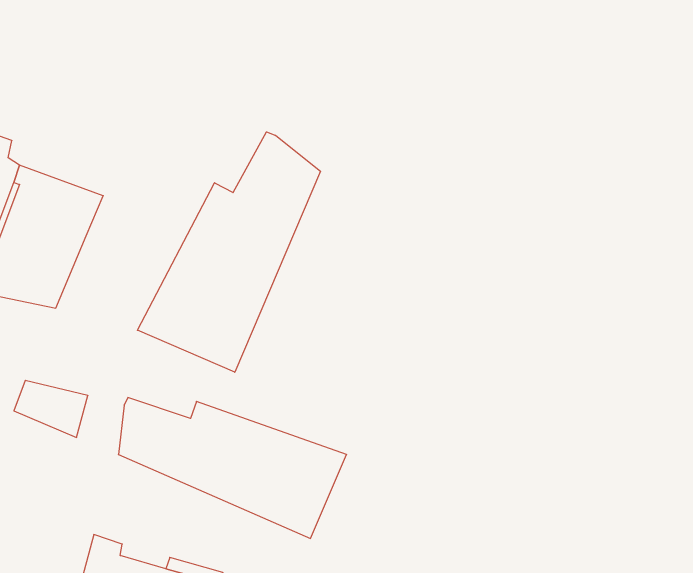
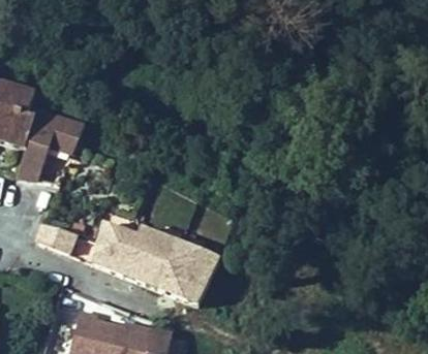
building: [137,132,321,372] -> none

